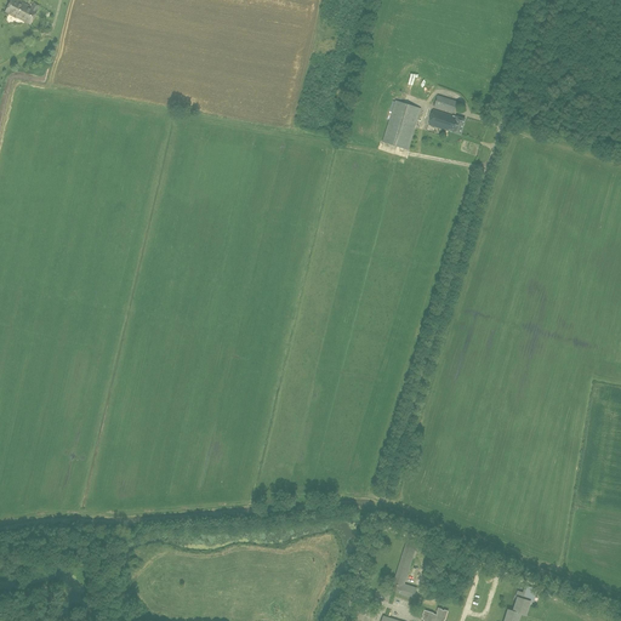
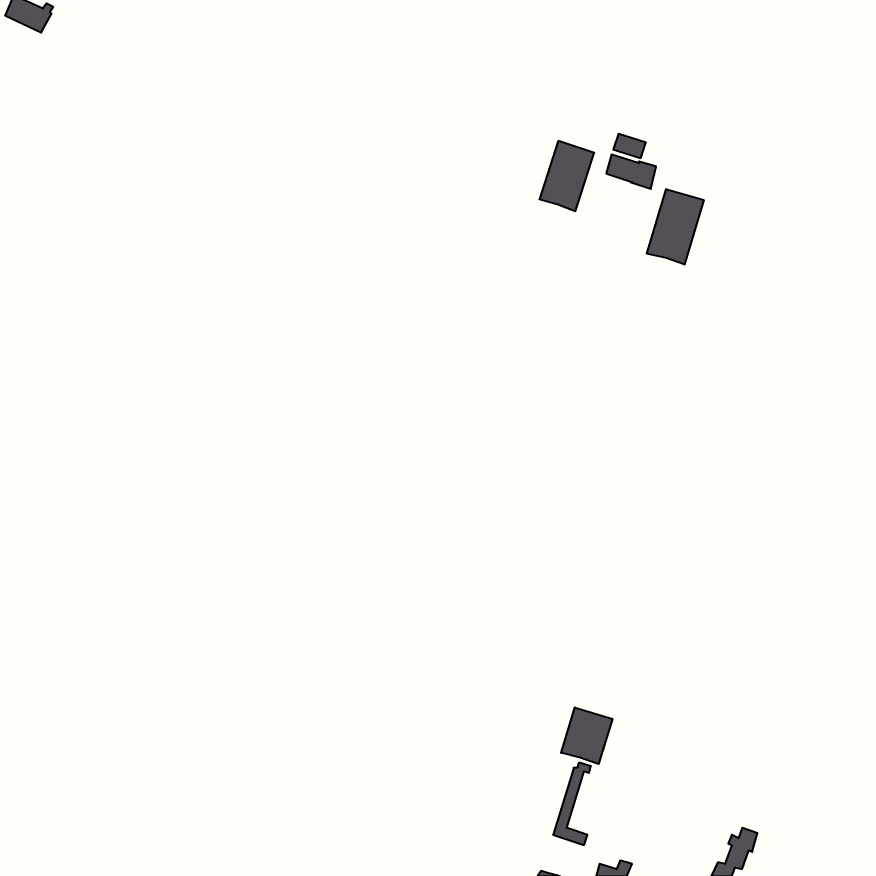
building: none -> [647,189,704,265]
building: none -> [561,707,612,764]

